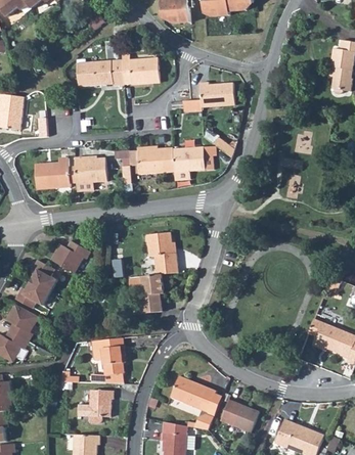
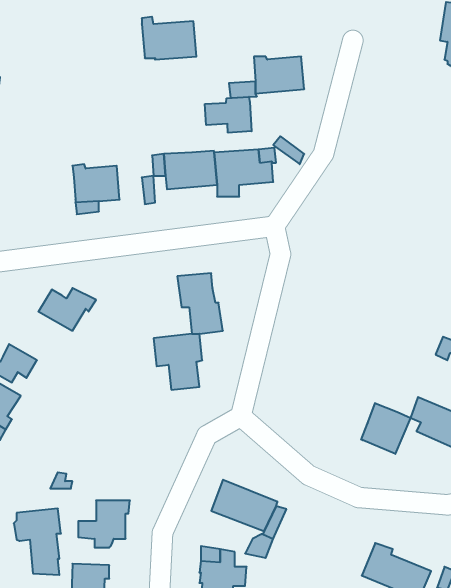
building: [77,59,124,86] -> none
building: none -> [205,97,252,133]
building: [35,157,70,188] -> none
building: [30,260,56,292] -> none
building: none -> [361,403,410,454]
building: [92,337,125,383] -> [14,509,61,575]
building: [220,400,259,431] -> none

